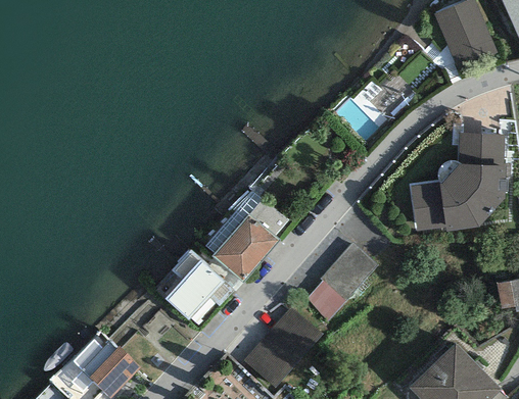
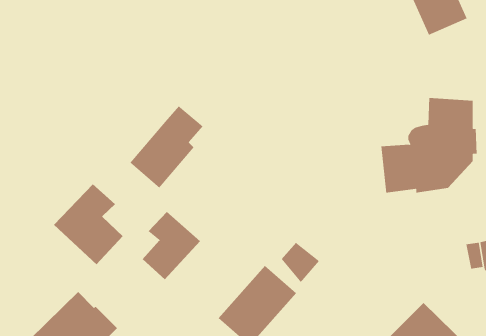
building: [211,197,287,282] -> [130,106,203,189]
building: none -> [53,184,123,265]
building: [319,242,376,300] -> none

